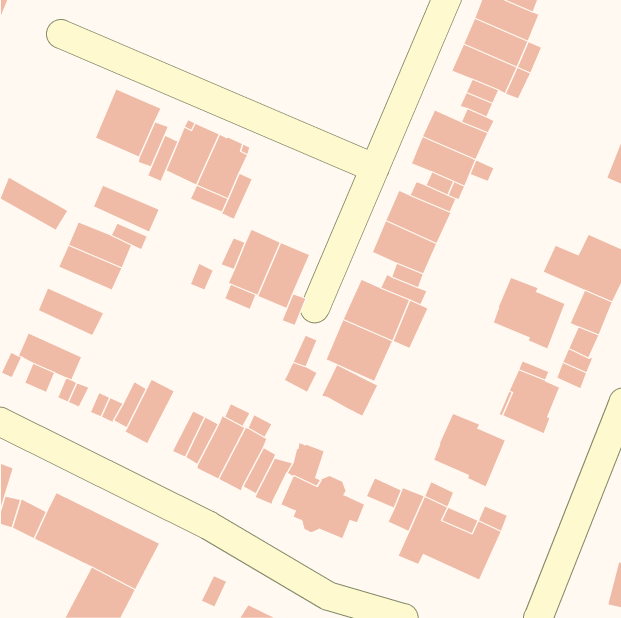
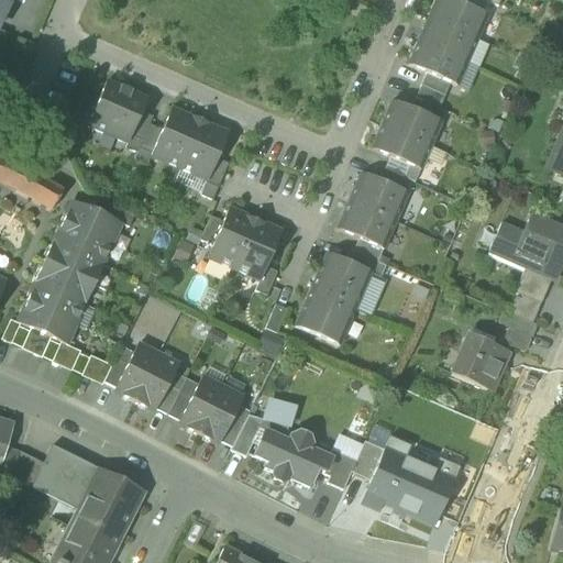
building: [93,185,159,232] -> [45,240,104,283]
building: [493,277,565,349] -> none
building: none -> [27,280,85,322]
building: [322,365,378,417] -> none
building: none -> [135,353,179,410]
building: [433,413,506,487] -> none
building: none -> [324,449,357,488]

